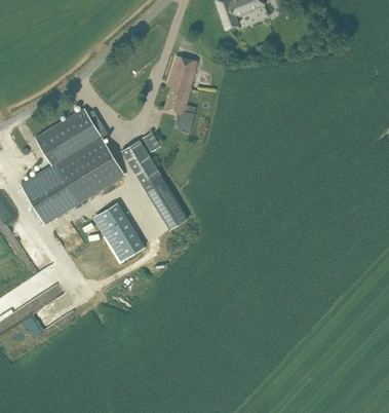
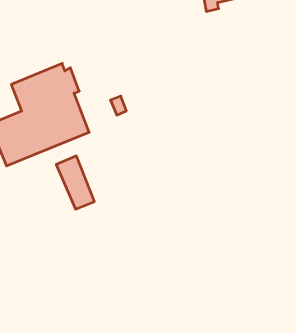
building: [165,55,198,134] -> none
building: [121,141,188,230] -> none

